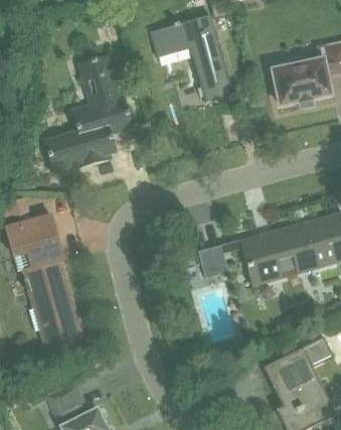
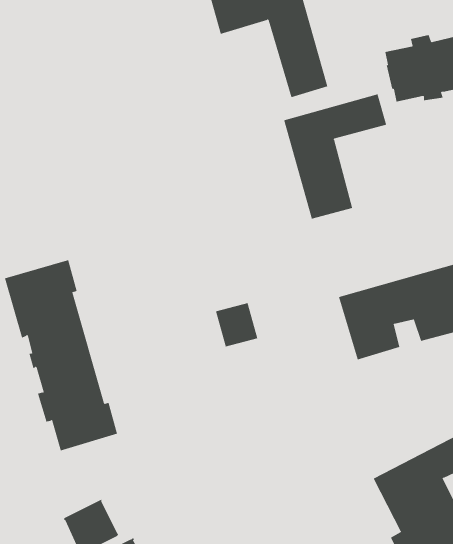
building: [44,54,134,171] -> none
building: none -> [283,93,387,219]
building: [198,246,228,277] -> [215,303,258,347]

